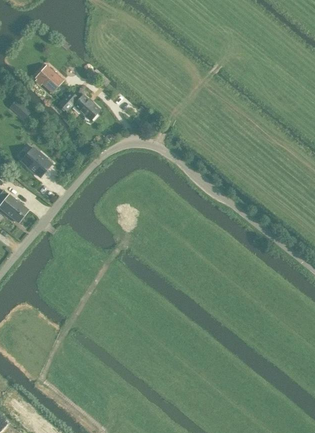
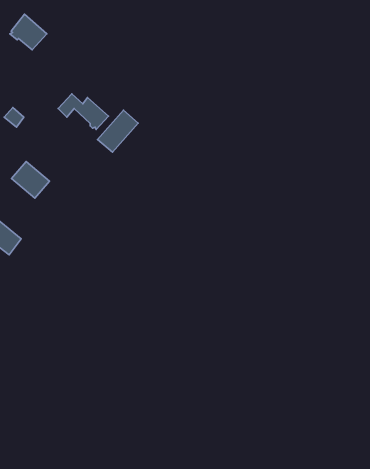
building: [32,63,62,92] -> [10,14,47,50]
building: none -> [98,110,138,152]

